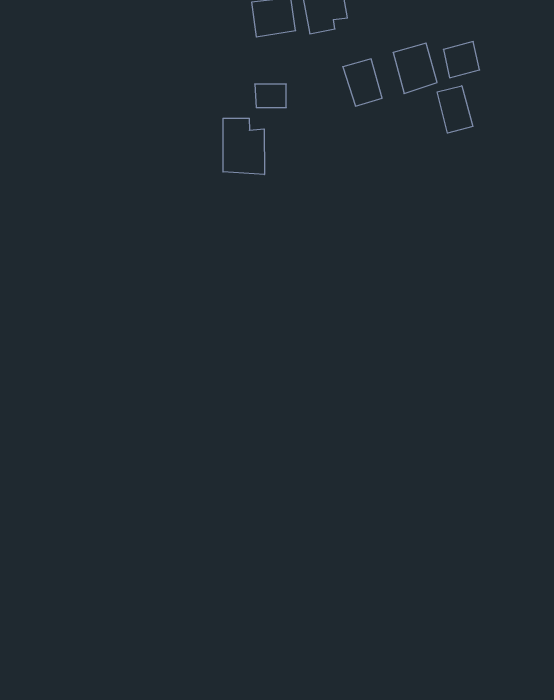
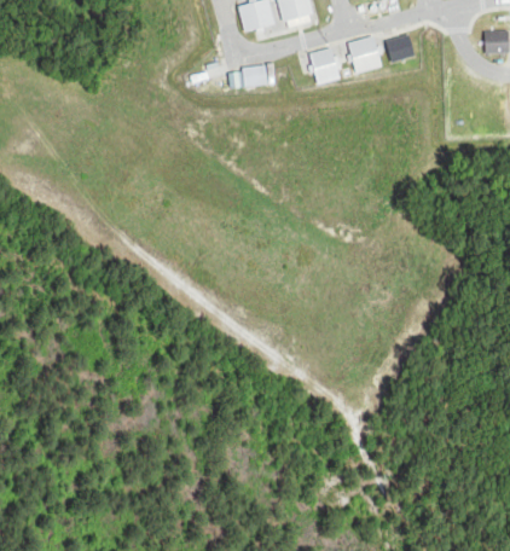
building: [437,86,473,133] -> none
building: [223,118,264,175] -> none

